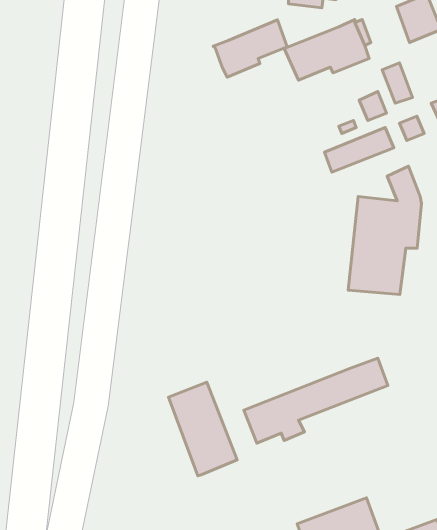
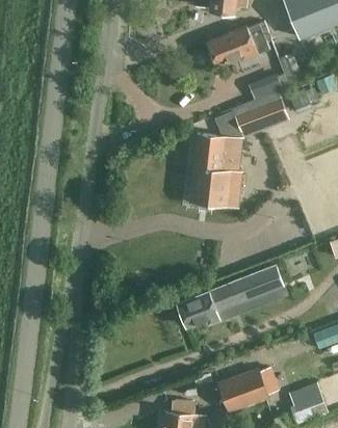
building: [213,20,287,77] -> none
building: [348,166,422,294] -> [188,112,241,205]
building: [169,382,237,476] -> none

